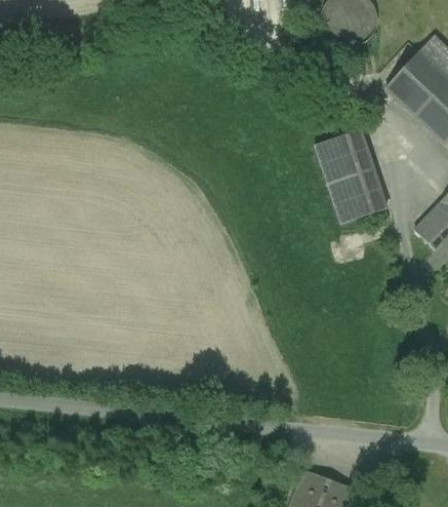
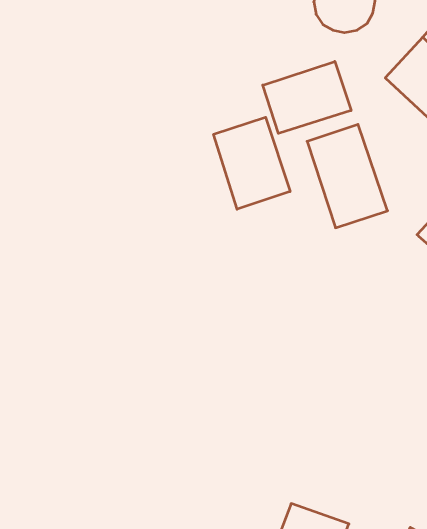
building: none -> [263,61,351,133]
building: none -> [214,117,290,209]

